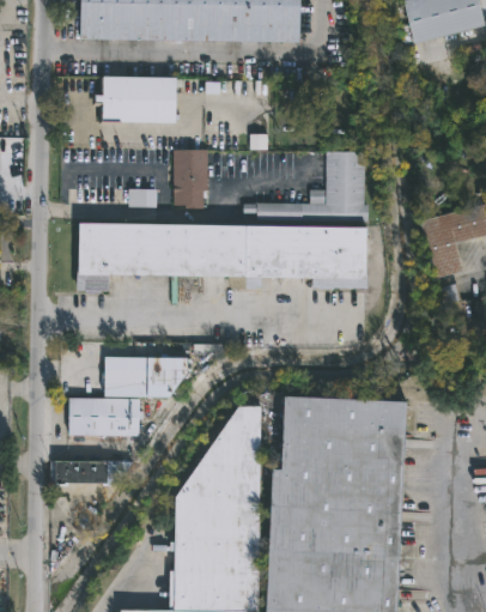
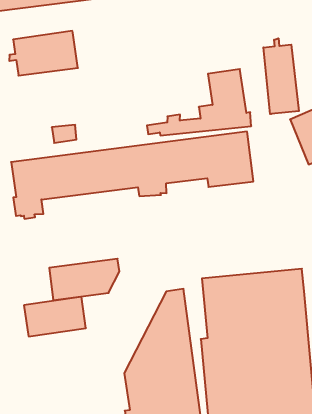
building: none -> [263,38,299,114]
building: [175,149,208,204] -> none
building: [51,460,134,486] -> none

